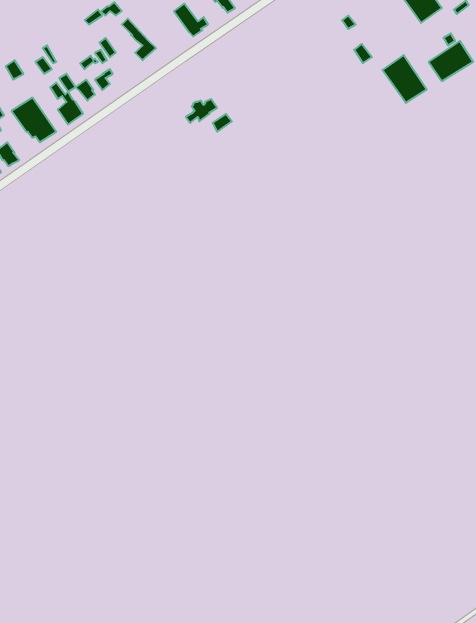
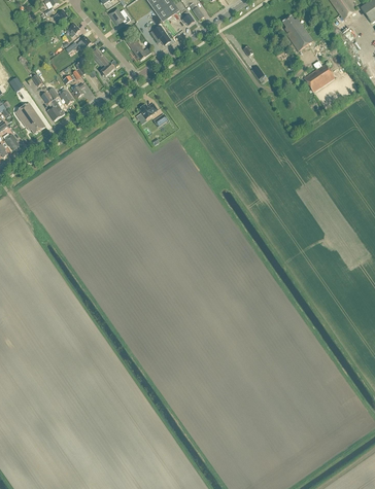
building: [382,55,427,103] -> none

